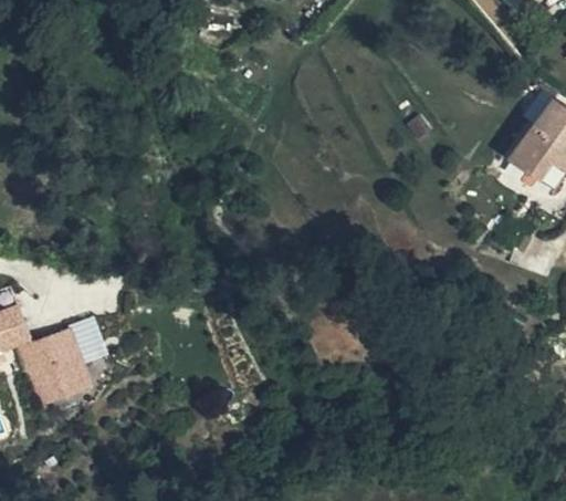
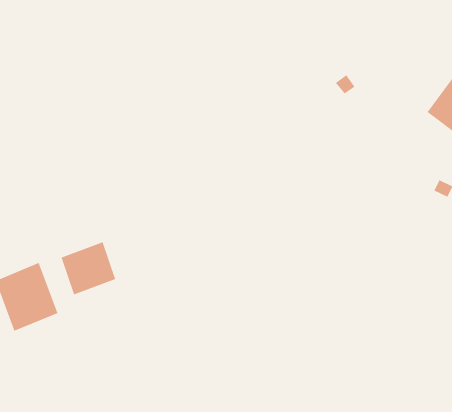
building: none -> [60,241,116,295]

